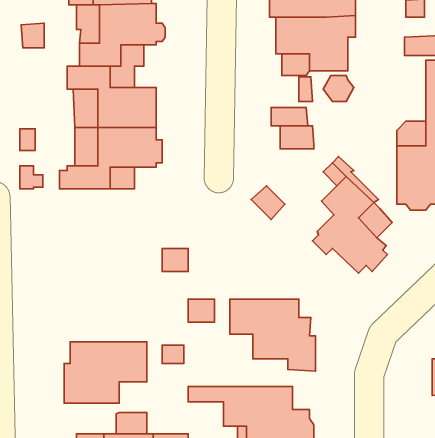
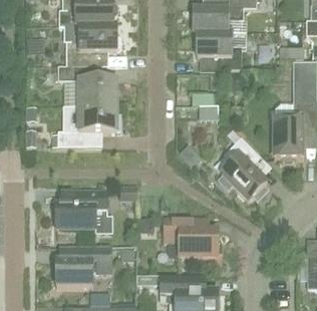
building: none -> [55,190,112,233]

